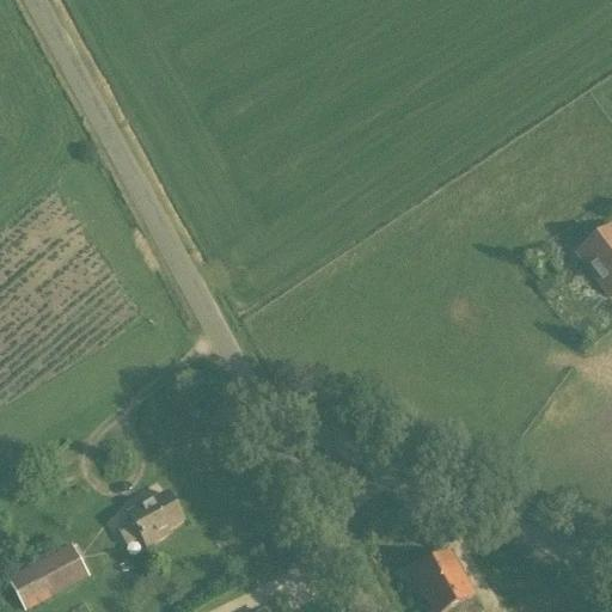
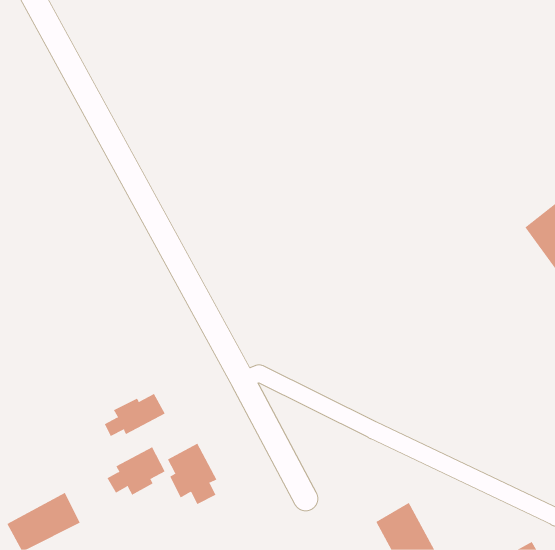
building: none -> [104,393,165,437]
building: none -> [167,443,217,505]

